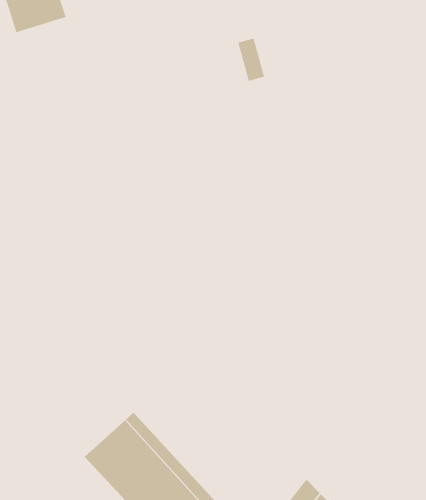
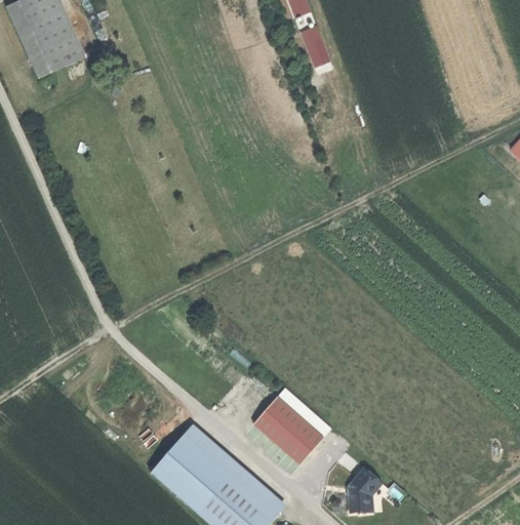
building: [238,38,265,81] -> [298,25,328,67]
building: none -> [252,396,323,463]

